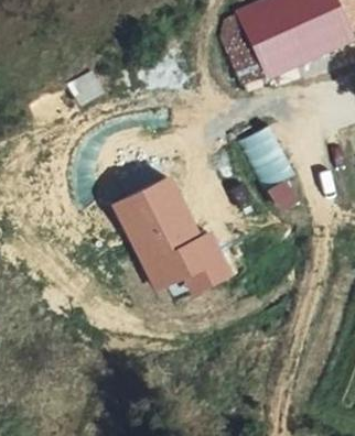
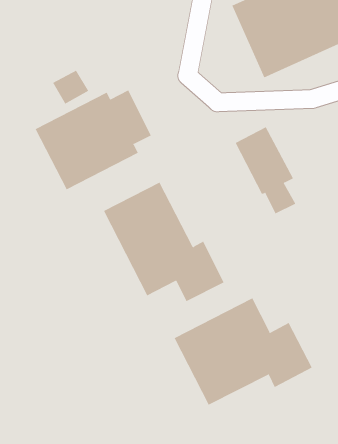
building: none -> [35,89,152,190]
building: none -> [174,298,312,405]

